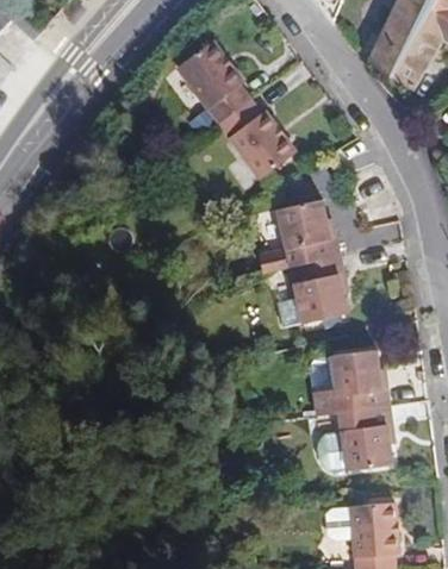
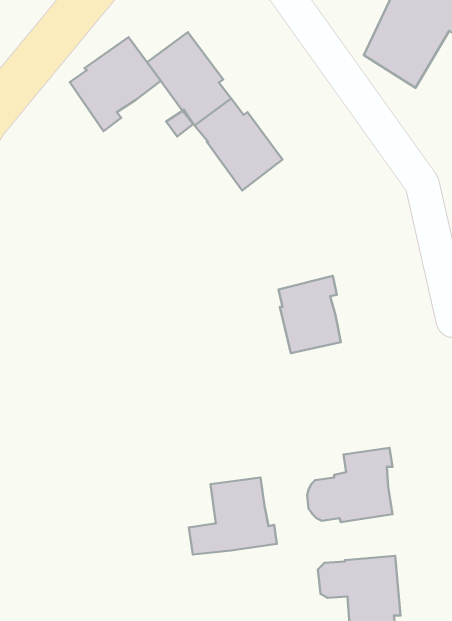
building: none -> [70,37,161,131]
building: [257,196,340,273] -> none
building: [312,346,390,414] -> [189,477,277,555]

